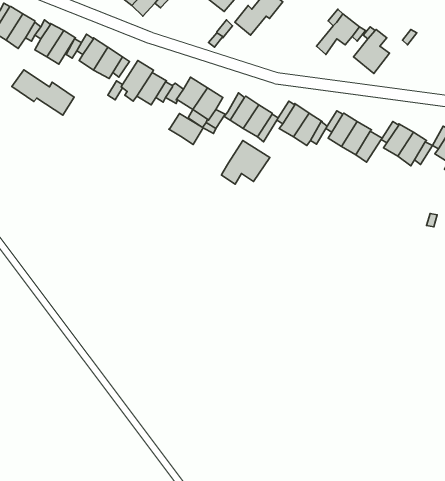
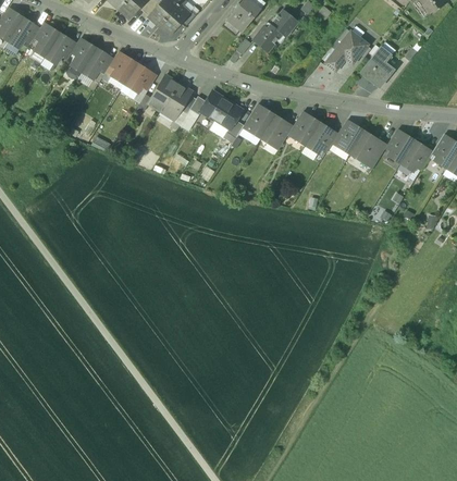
building: [12,70,74,115] -> none
building: [169,114,203,144] -> none
building: [221,141,270,184] -> none

